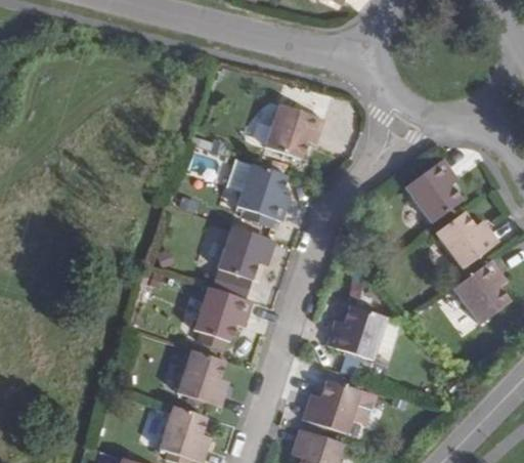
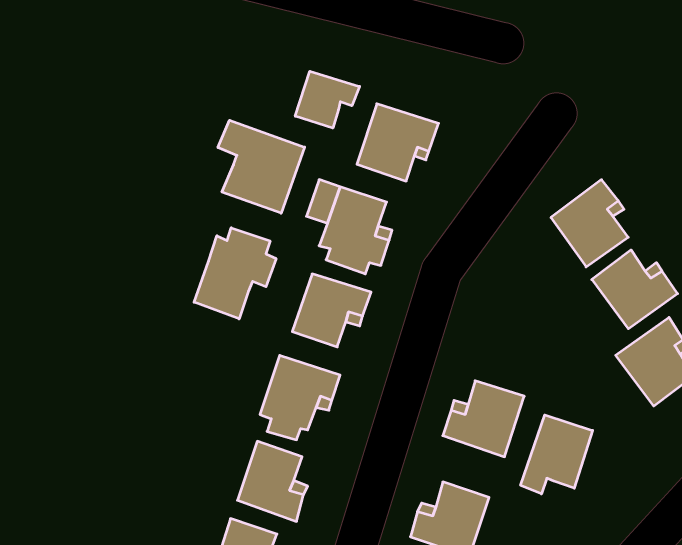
building: none -> [295,71,360,128]
building: none -> [218,120,305,213]
building: none -> [194,228,276,319]
building: none -> [521,415,593,494]

